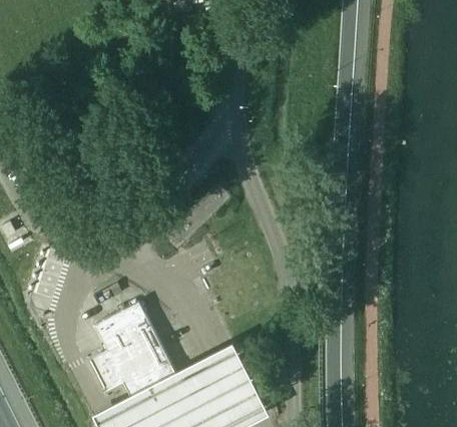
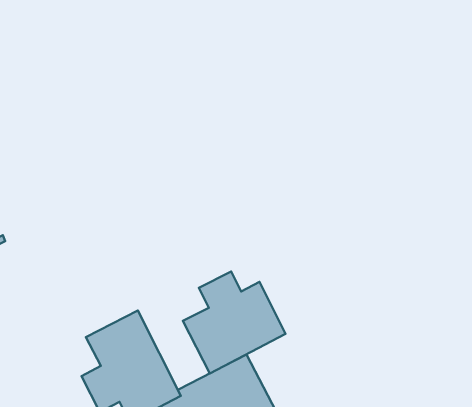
building: none -> [183,272,285,373]

